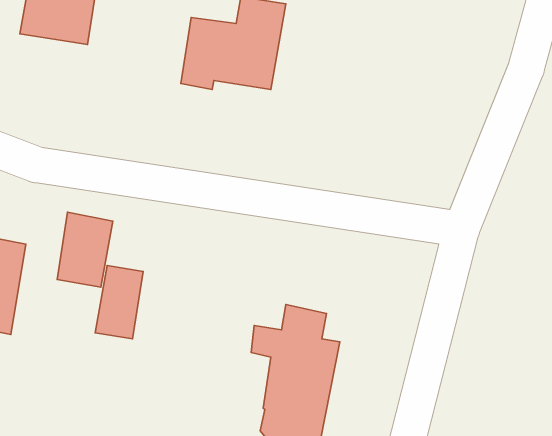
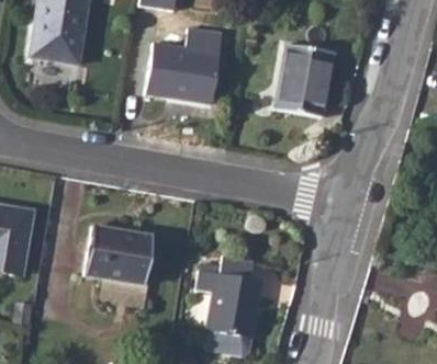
building: none -> [276,43,335,116]
building: [57,212,113,287] -> [111,229,152,284]

